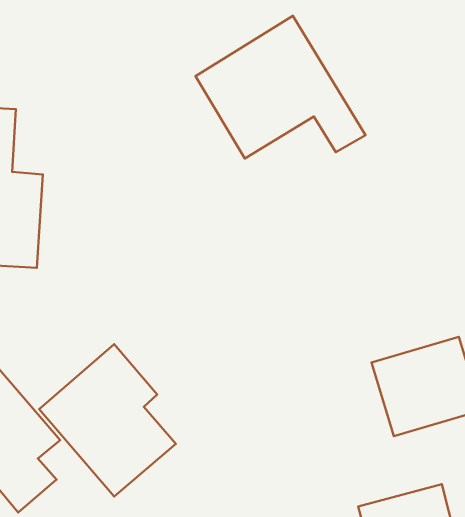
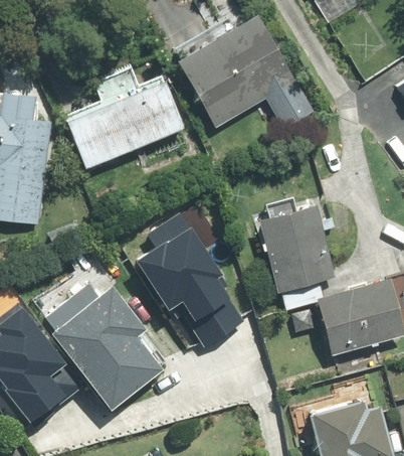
building: none -> [66,72,187,168]
building: none -> [256,201,339,294]
building: none -> [132,211,250,345]

